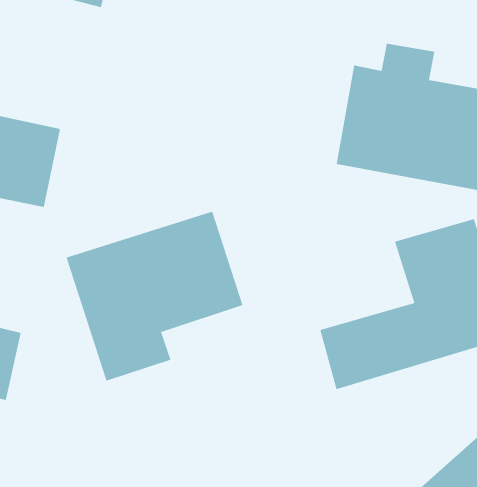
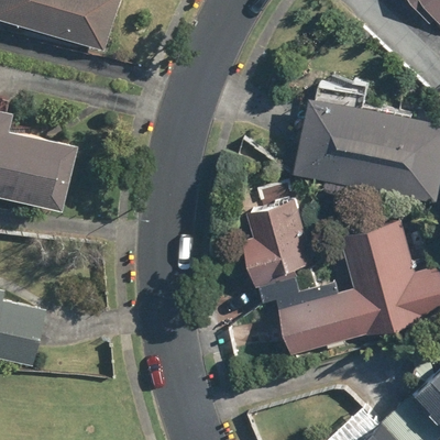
building: none -> [240,180,318,286]
building: [66,211,243,381] -> none

